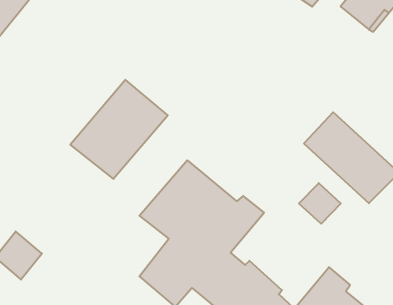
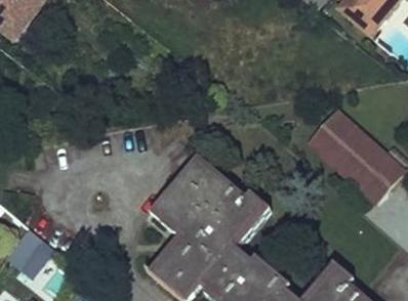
building: [70,80,168,179] -> none
building: [299,183,341,224] -> none

